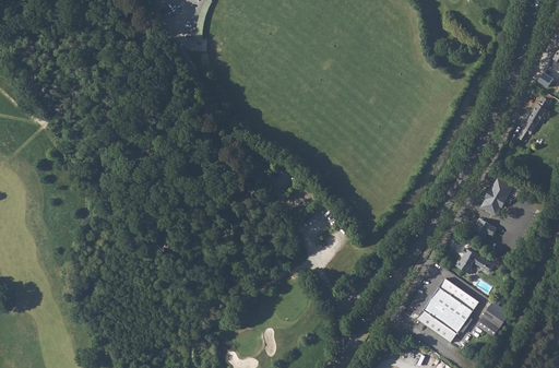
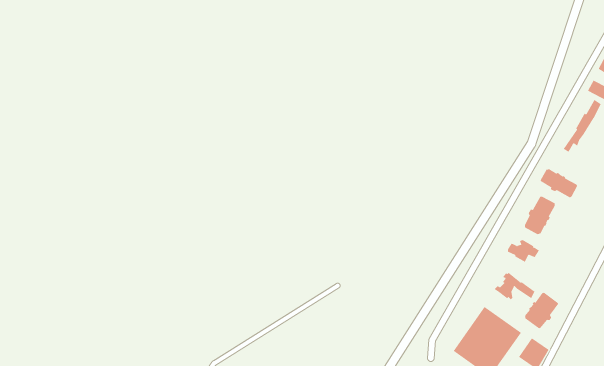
building: none -> [540,169,578,198]
building: none -> [525,292,559,329]

